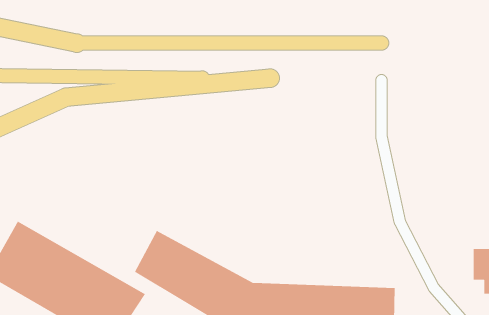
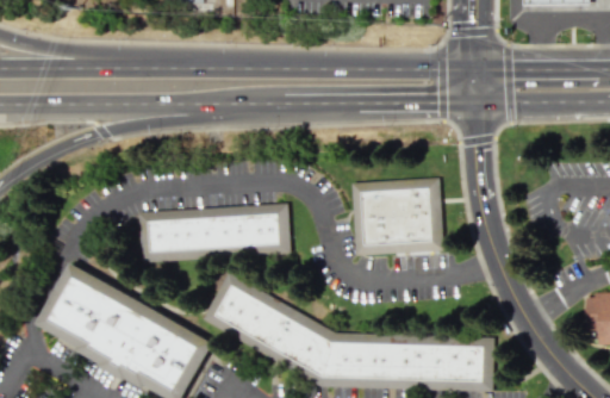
building: none -> [354,175,444,255]
building: none -> [138,203,294,267]

